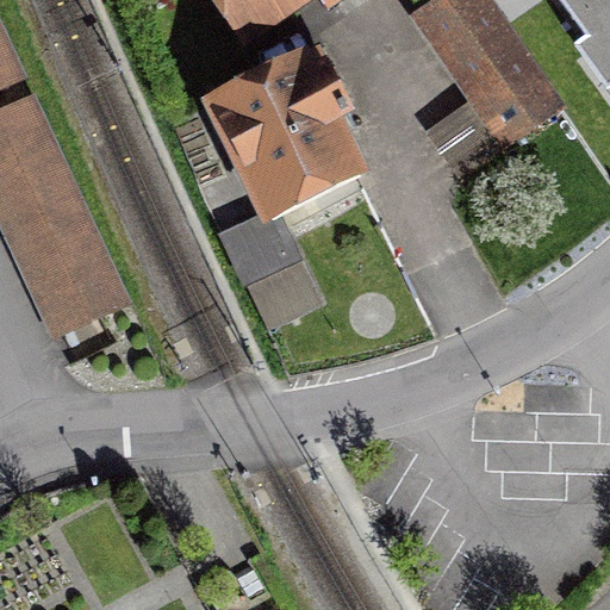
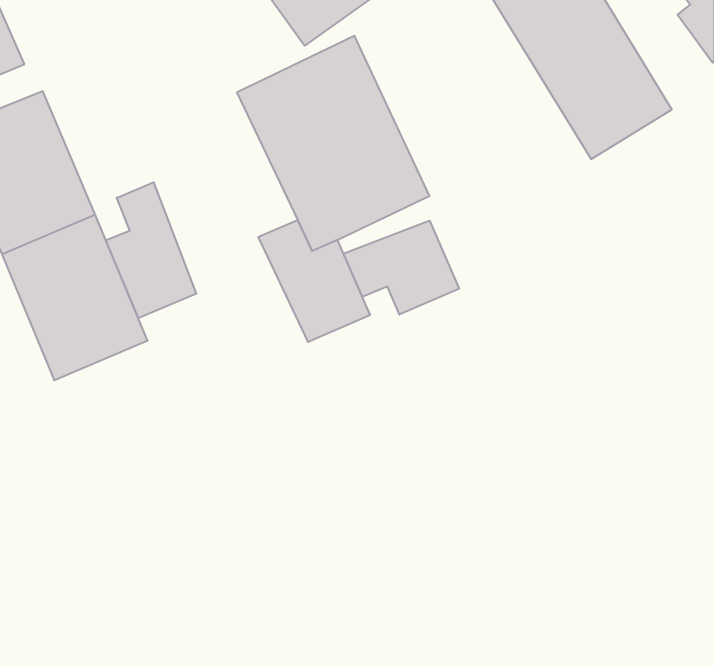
building: none -> [106,182,196,318]
building: none -> [343,221,459,315]

